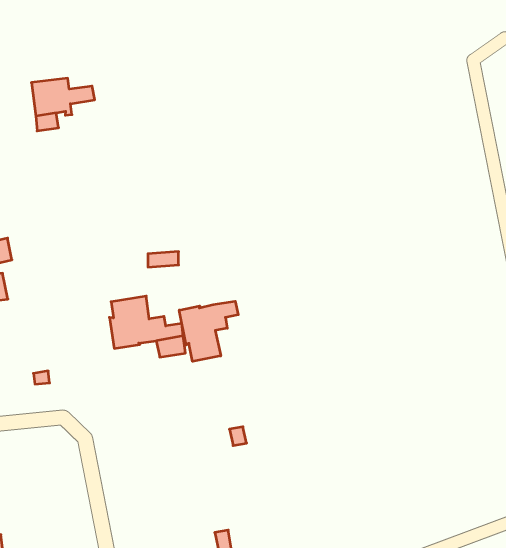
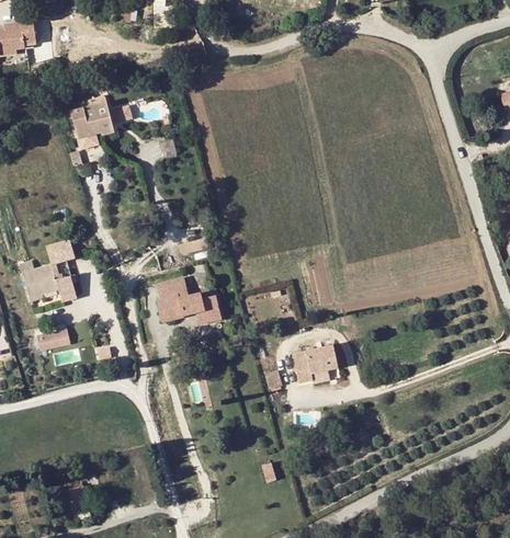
building: [179,301,238,361] -> none
building: none -> [292,346,339,386]

